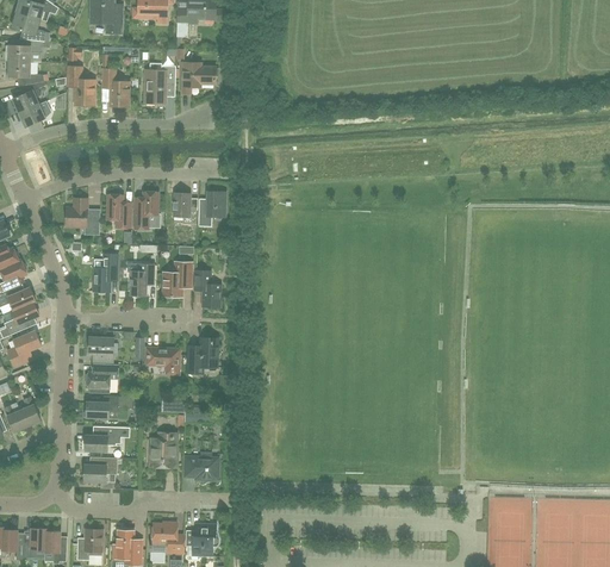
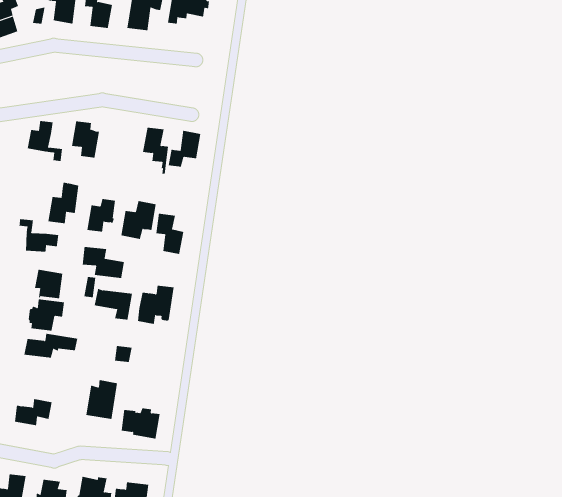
building: [135,191,158,229] -> none
building: none -> [19,218,59,253]
building: none -> [82,246,125,279]
building: [85,425,130,450] -> none

